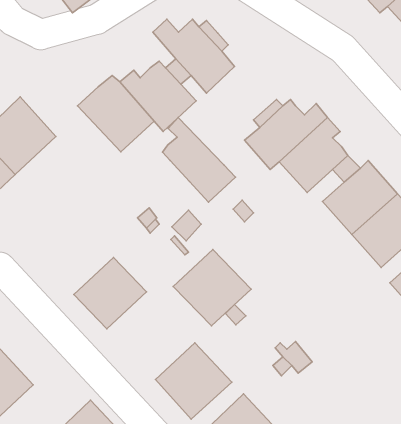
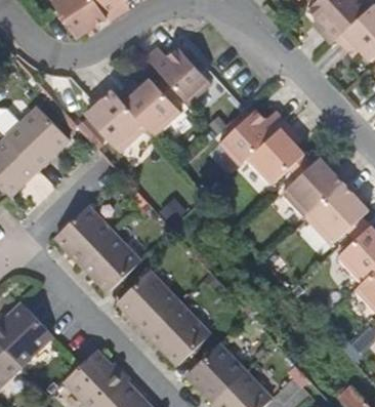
building: [163,117,236,202] -> none
building: none -> [56,207,115,266]
building: [173,250,251,326] -> [118,273,180,334]

